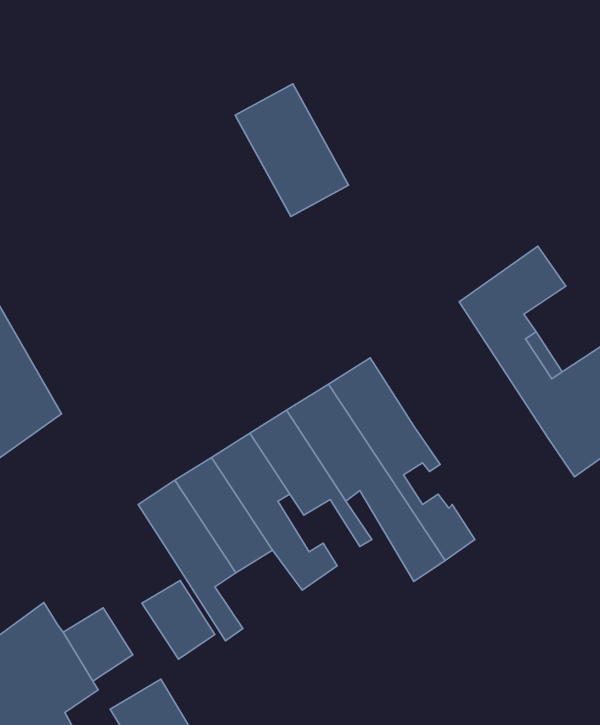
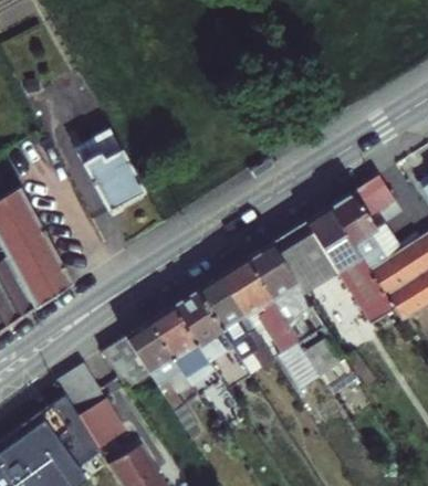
building: [235,84,349,216] -> [74,129,146,213]
building: none -> [271,211,384,310]
building: none -> [55,367,101,415]
building: [142,580,215,659] -> [100,339,146,389]

